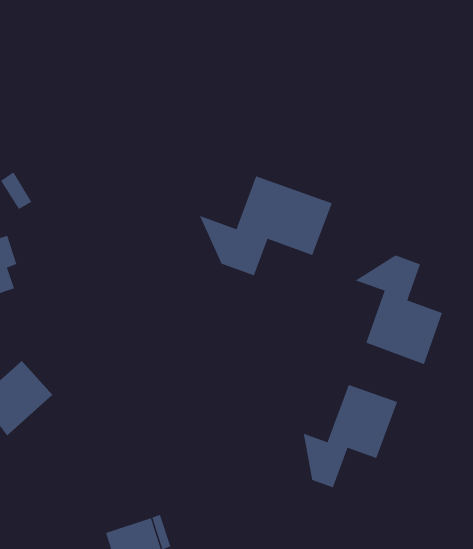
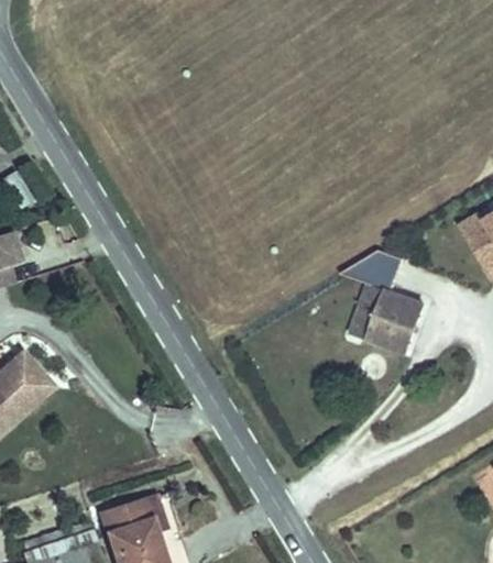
building: [199,175,332,276] -> none
building: [303,384,398,488] -> none

